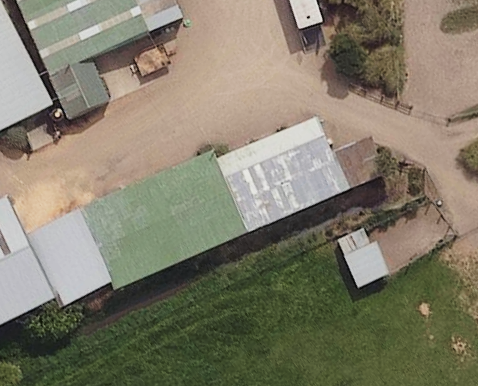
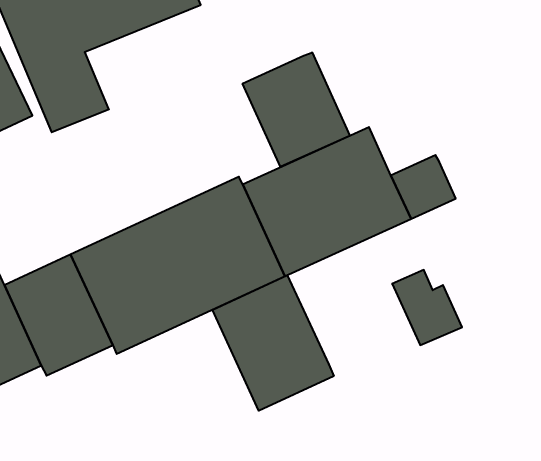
building: none -> [243,52,350,167]
building: none -> [212,275,334,411]

